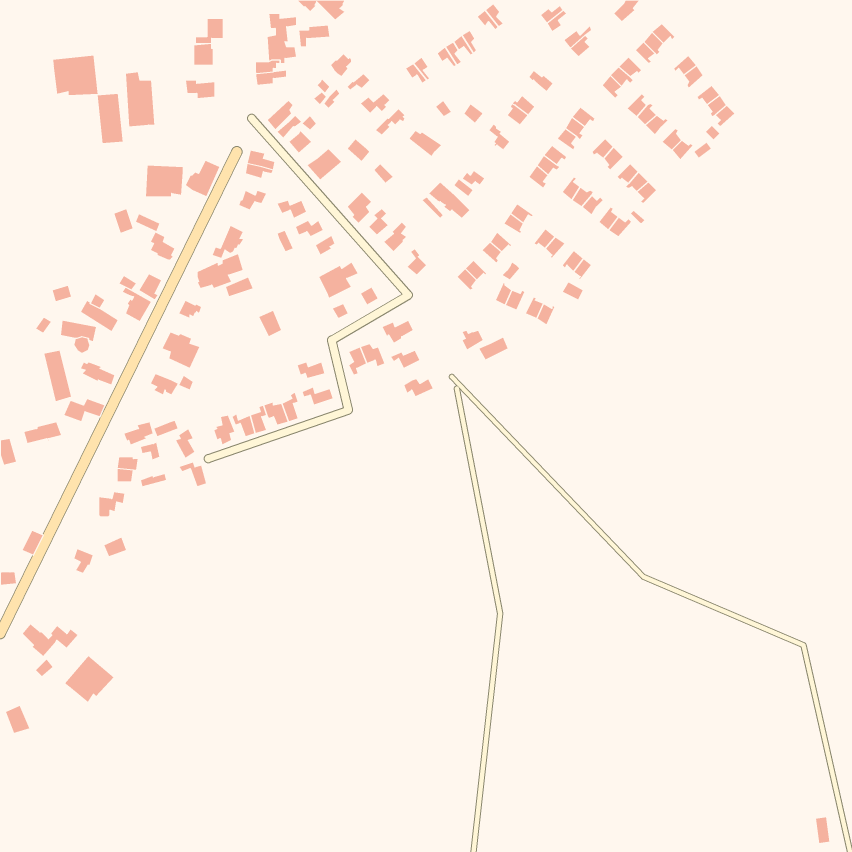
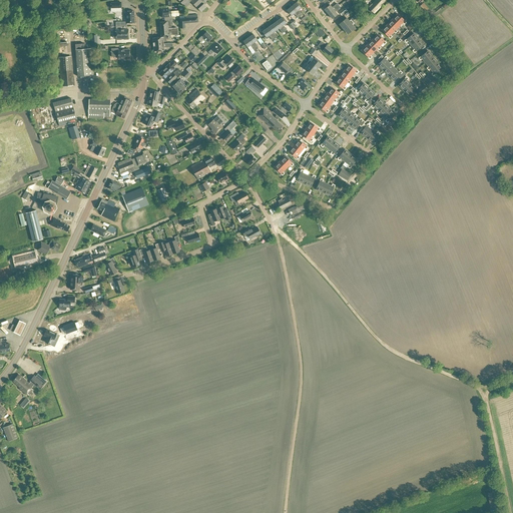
building: [53,55,98,96] -> none
building: none -> [53,97,76,125]
building: none -> [122,187,148,212]
building: [65,655,114,703] -> none

